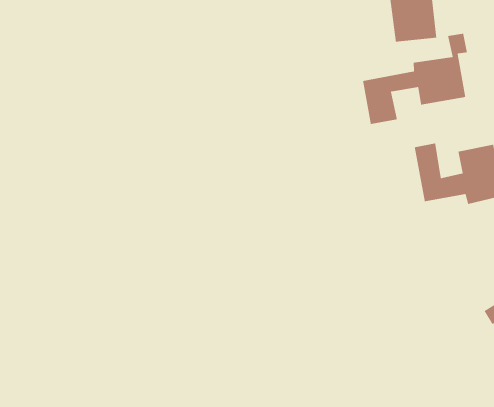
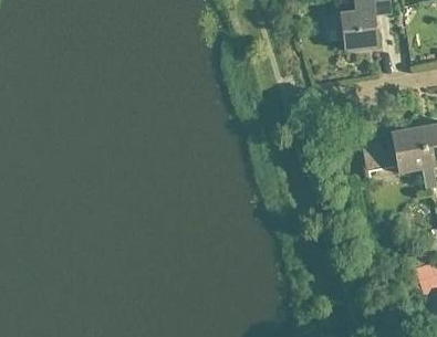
building: [362,33,468,125] -> none

